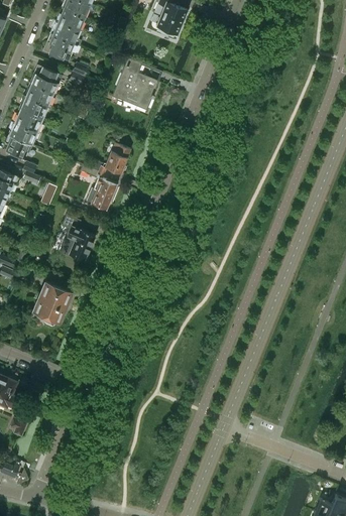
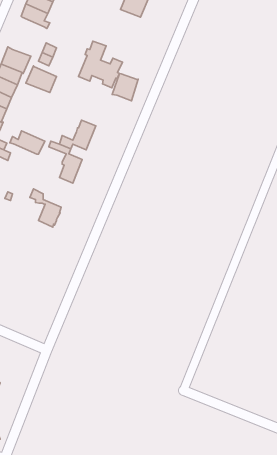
building: [42,34,75,62] -> [26,66,56,93]
building: none -> [112,73,138,101]
building: none -> [10,131,45,154]
building: [33,283,70,327] -> none

